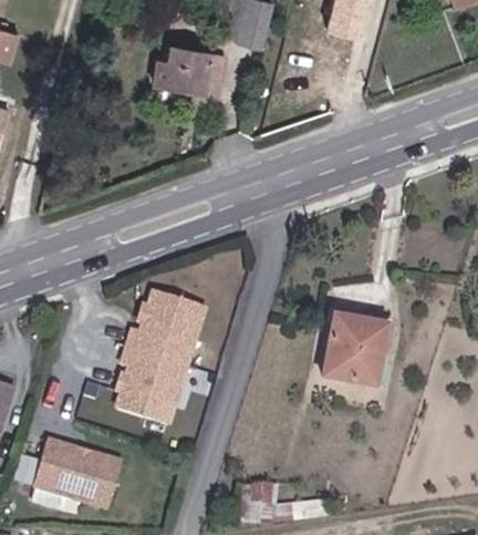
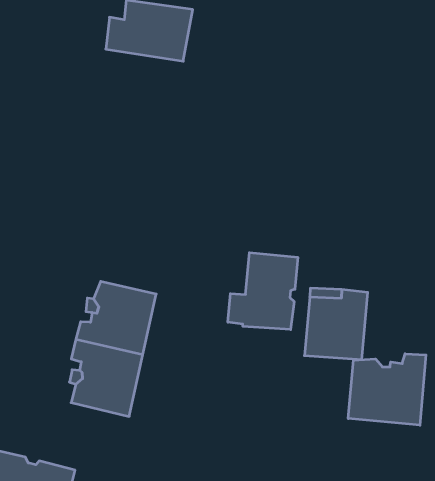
building: none -> [228,253,298,330]
building: none -> [348,354,426,425]

